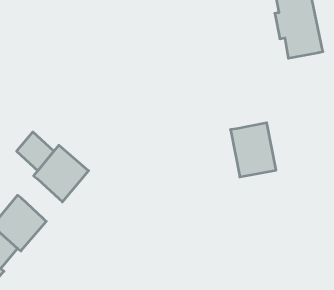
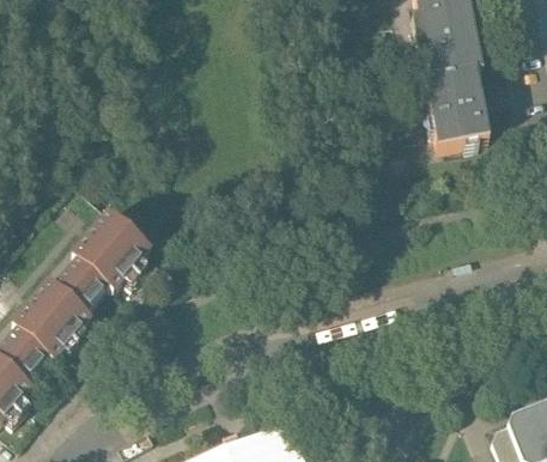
building: [230,123,276,177] -> [427,77,492,153]
building: [17,132,54,171] -> [59,256,111,311]

